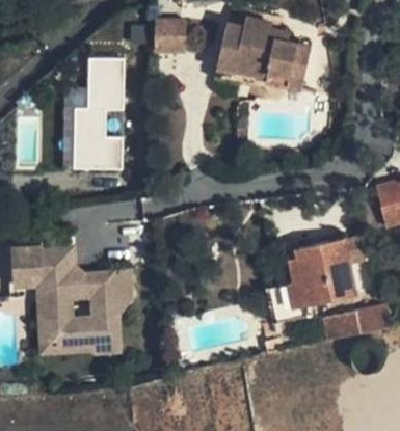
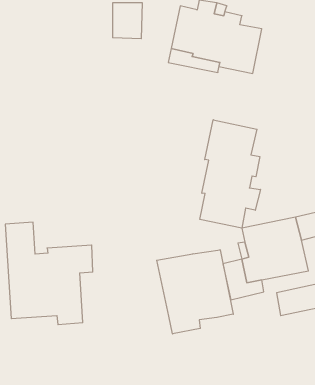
building: [76,57,125,168] -> none
building: none -> [200,120,260,228]
building: none -> [157,250,233,334]

